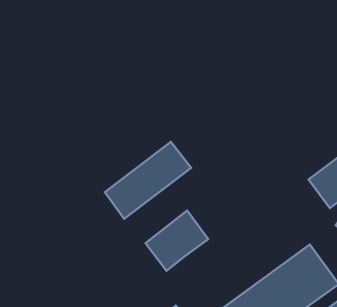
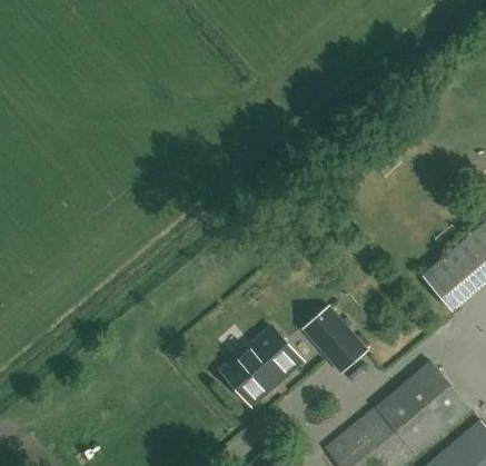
building: [105,142,191,219] -> none
building: none -> [305,308,366,371]

